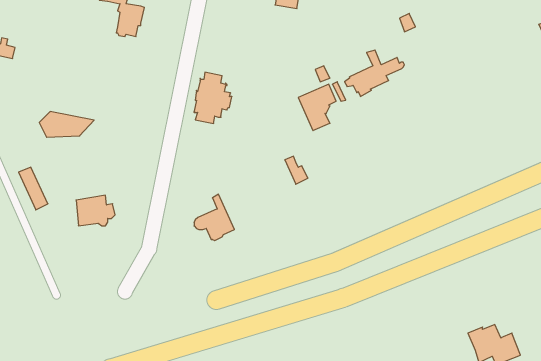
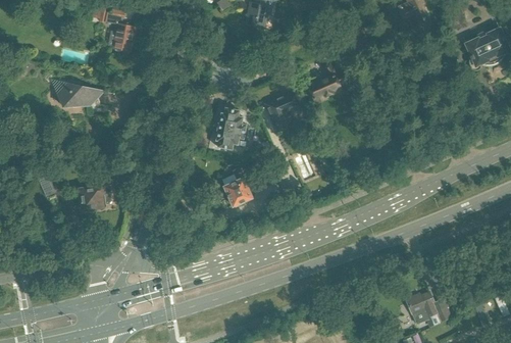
building: [194,72,232,123] -> [216,106,248,149]
building: [39,112,94,137] -> [58,84,104,105]
building: [194,194,234,241] -> [218,167,252,206]

